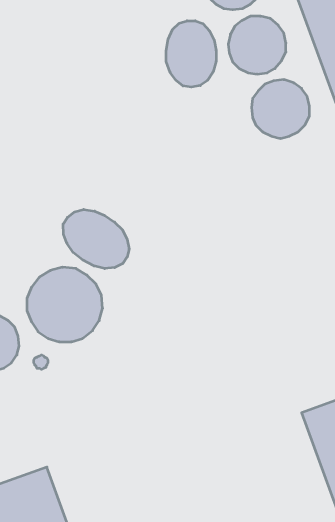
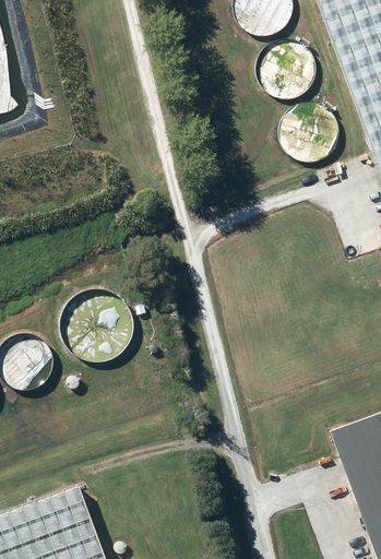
building: [166,21,216,87] -> none
building: [63,209,129,269] -> none

